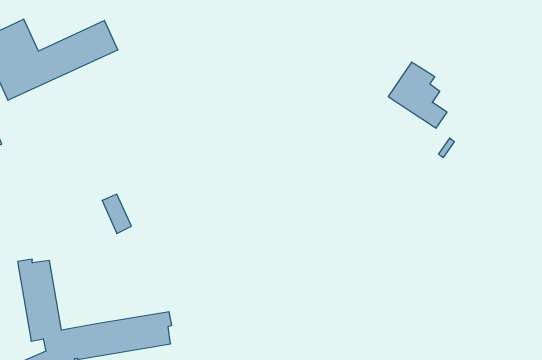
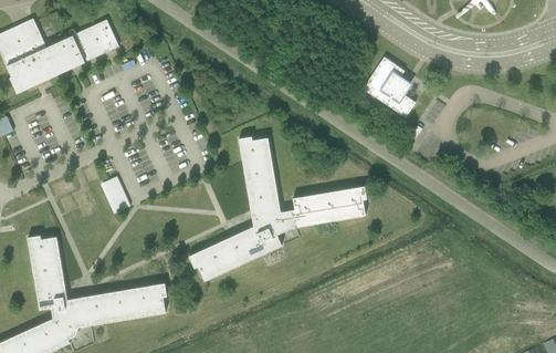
building: none -> [189,136,367,280]

